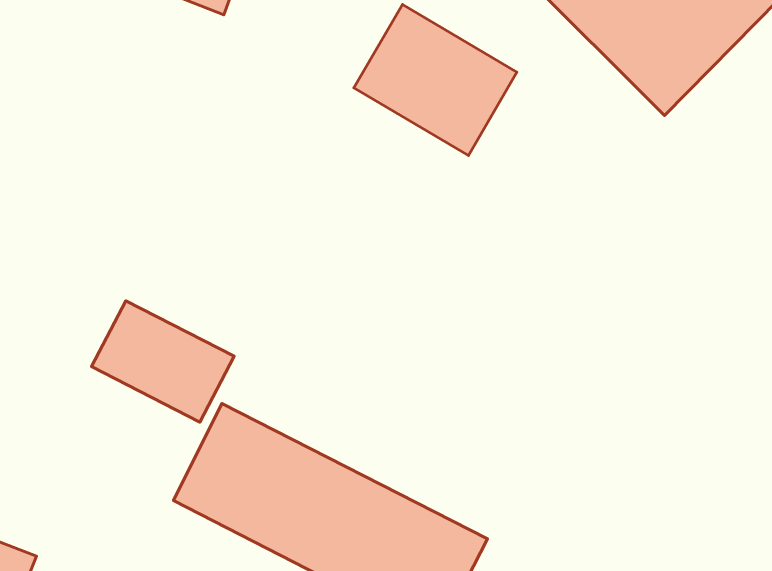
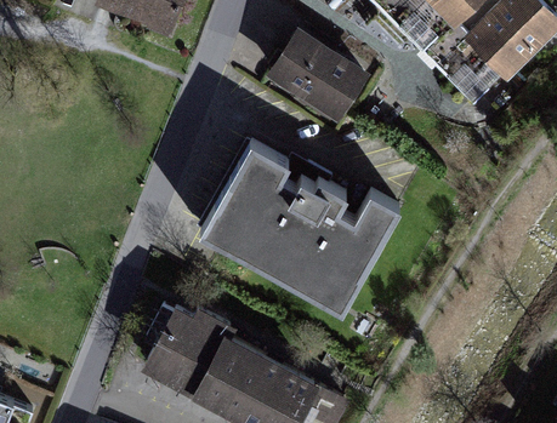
building: none -> [208,142,396,304]
building: [91,301,234,422] -> none

